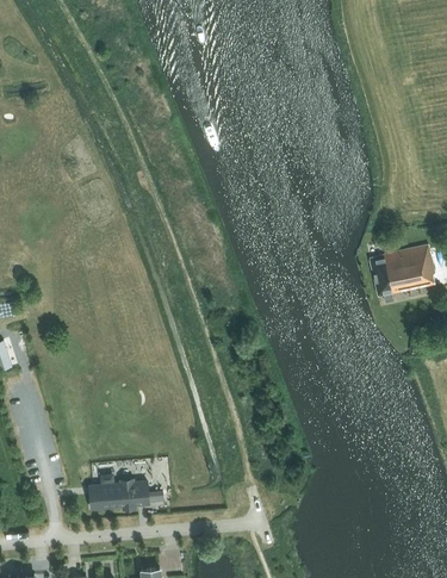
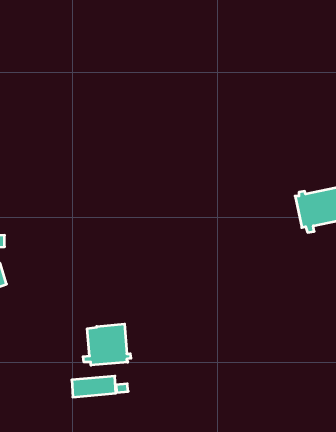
building: none -> [83,324,131,365]

